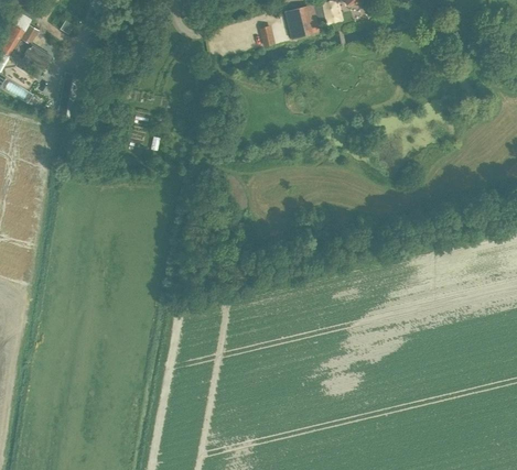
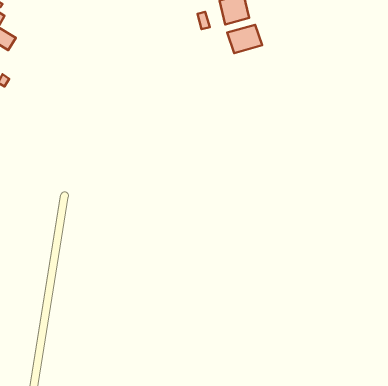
building: none -> [227,25,262,53]

